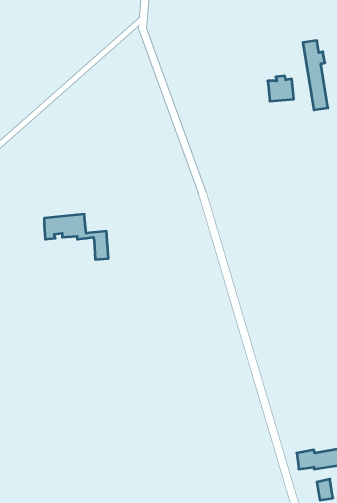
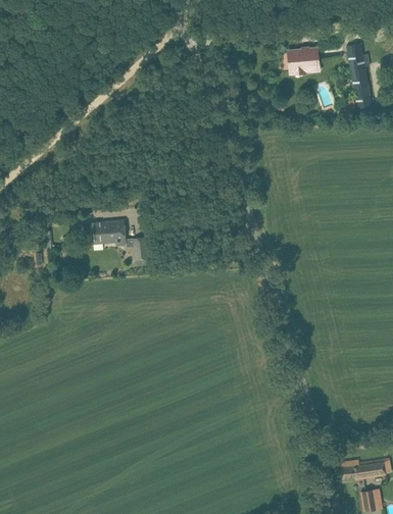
building: [268,76,294,101] -> [292,45,318,70]

